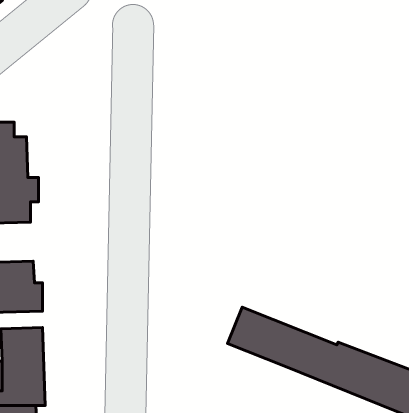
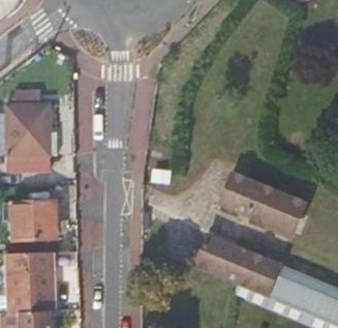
building: none -> [219,176,303,233]

